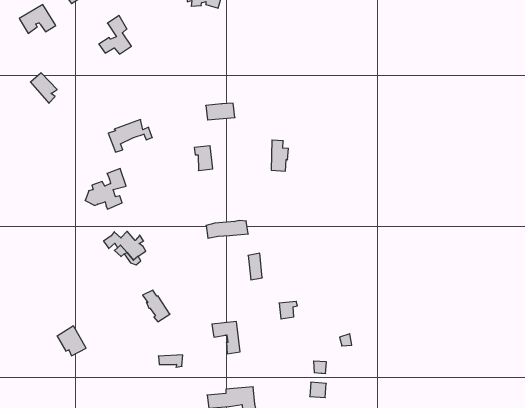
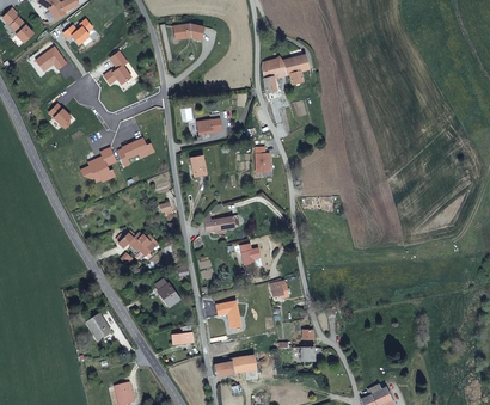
building: none -> [261,48,307,92]
building: [85,169,126,209] -> [84,147,117,182]

